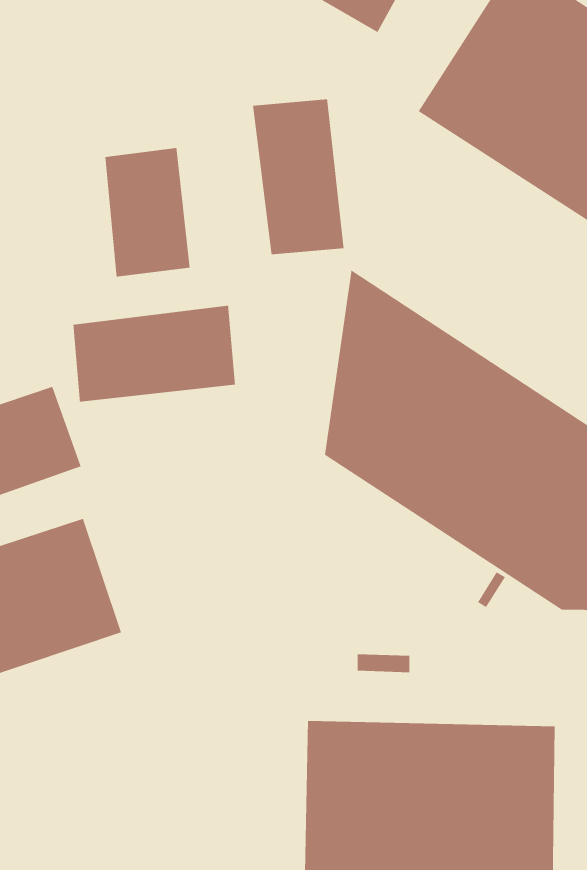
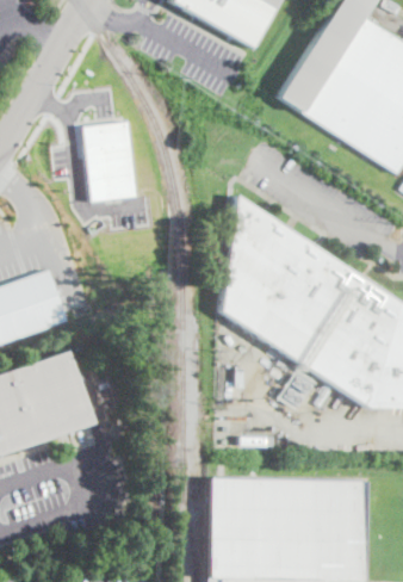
building: [253,98,344,255] -> none
building: [73,305,236,403] -> none

